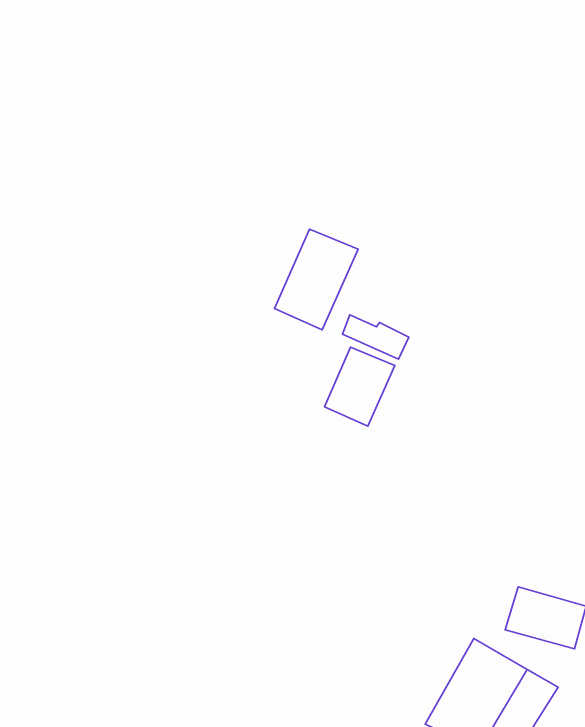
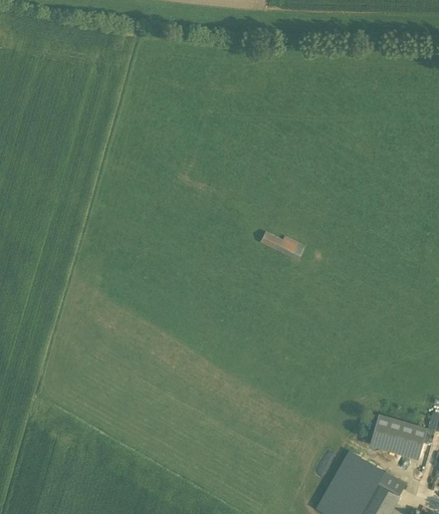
building: [274,229,358,330] -> none
building: [324,347,395,426] -> none

